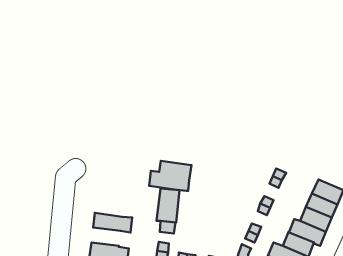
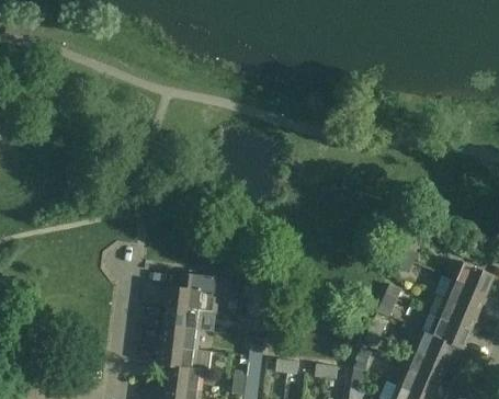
building: [149,161,192,191] -> [166,273,222,312]
building: none -> [161,326,200,350]

